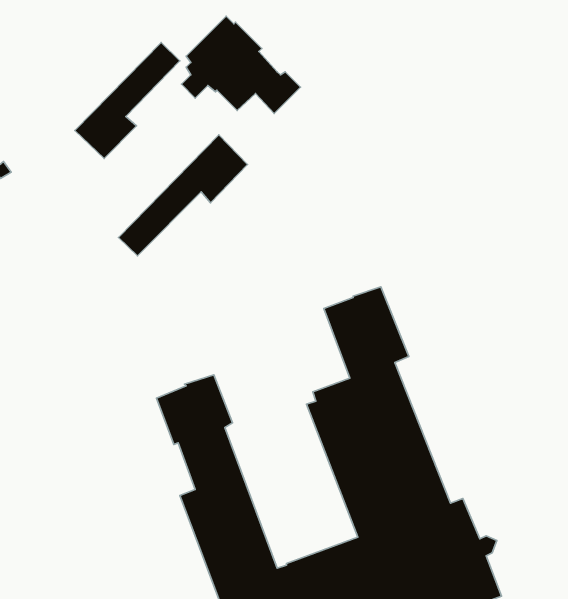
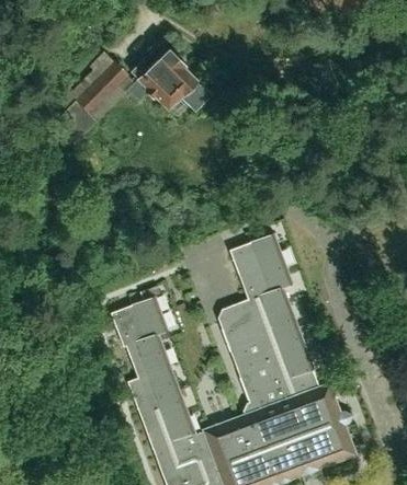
building: [118,135,248,256] -> none

